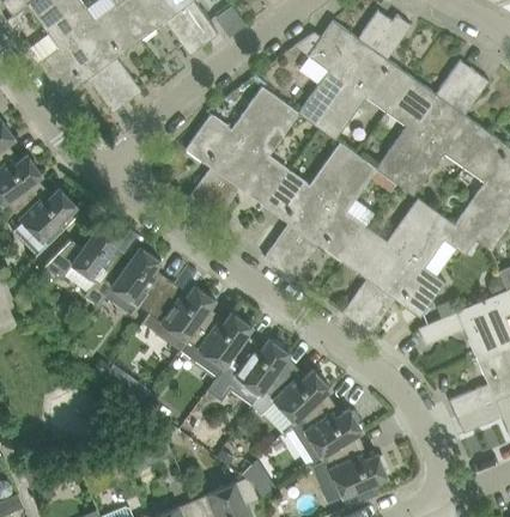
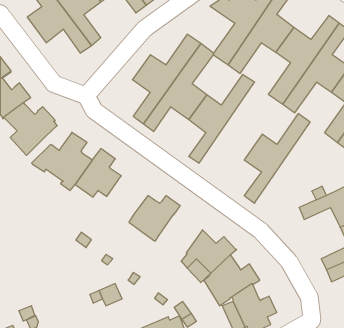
building: [279,153,377,278] -> none
building: [357,209,476,334] -> none
building: [142,285,215,349] -> none
building: [207,339,291,405] -> none

